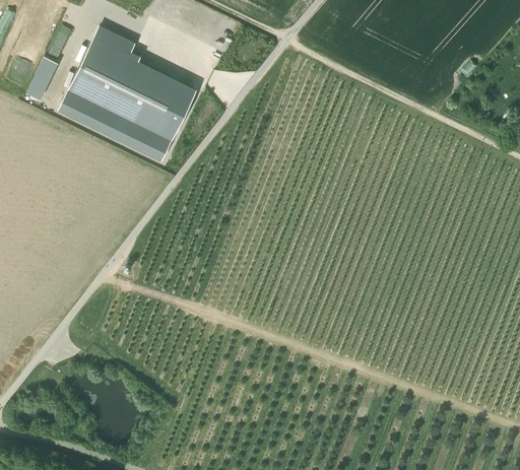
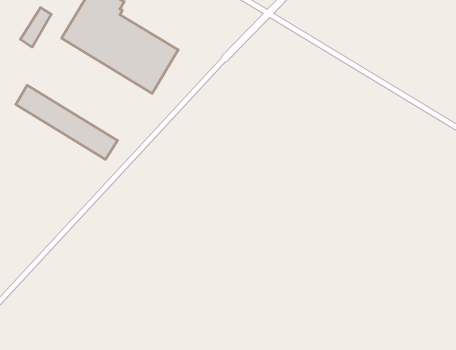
building: [60,89,172,160] -> [16,85,118,159]

